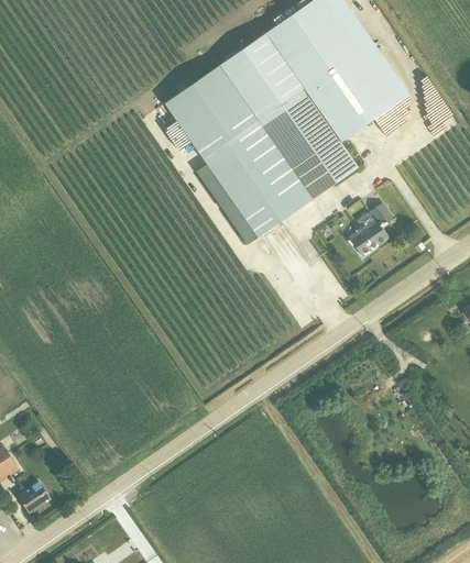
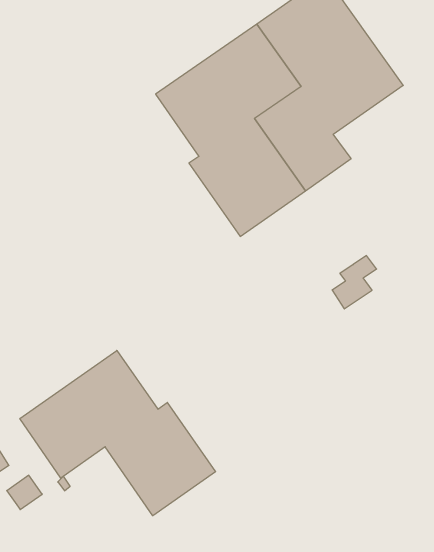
building: [350,202,394,255] -> [332,256,377,309]
building: none -> [20,350,216,516]

